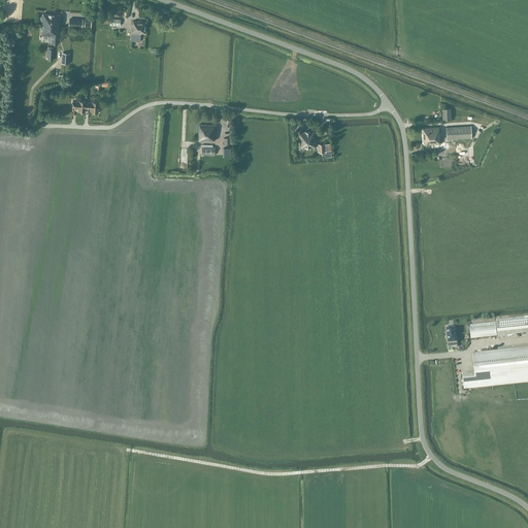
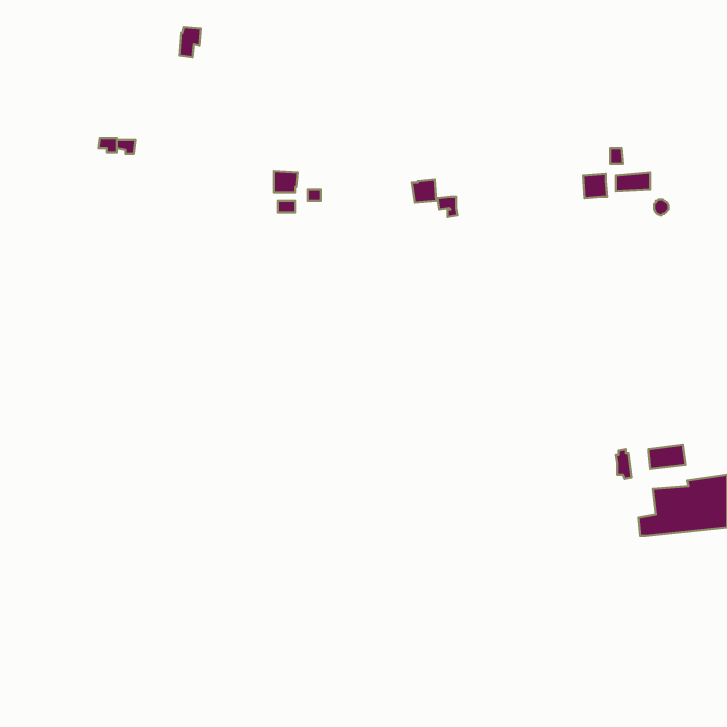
building: [40,12,60,43] -> none

